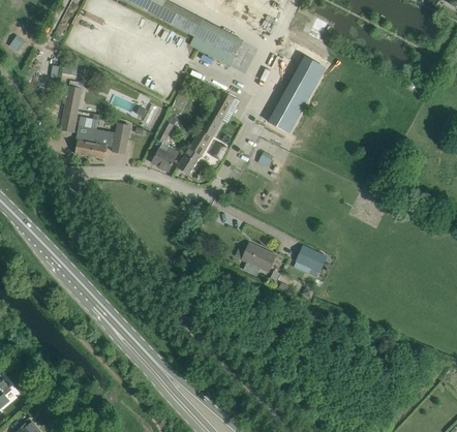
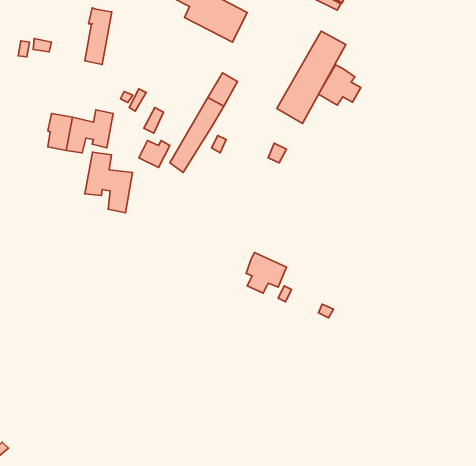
building: none -> [319,65,361,105]
building: [59,85,82,132] -> [85,8,112,65]
building: none -> [85,152,132,213]
building: [295,245,326,271] -> none

